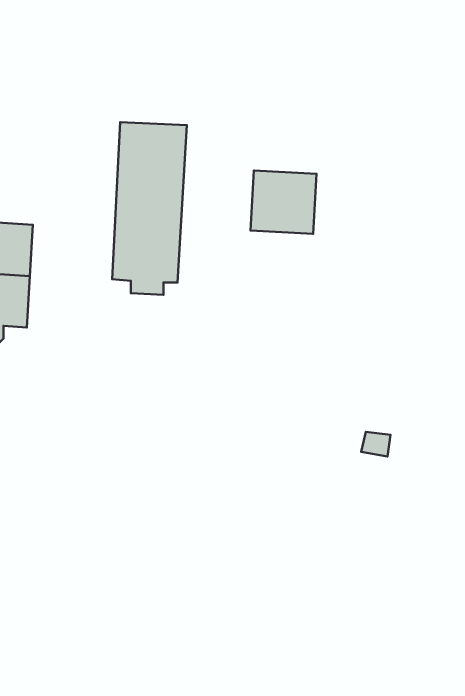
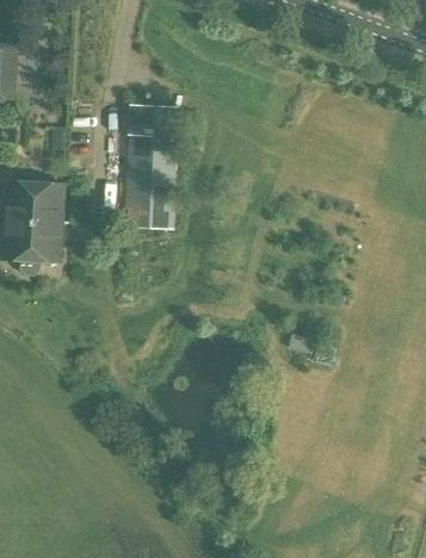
building: [251,171,316,234] -> none

